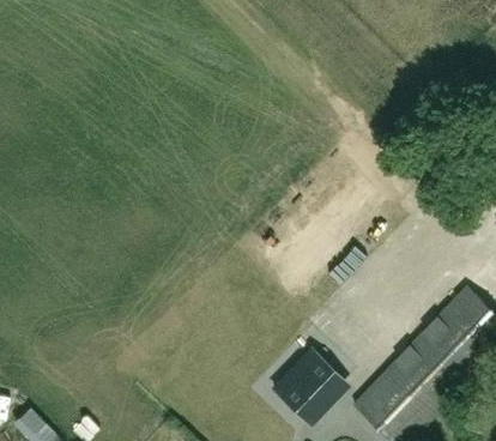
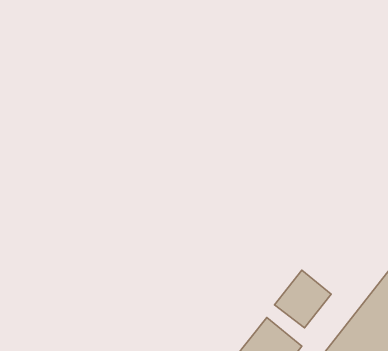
building: none -> [274,270,331,328]

